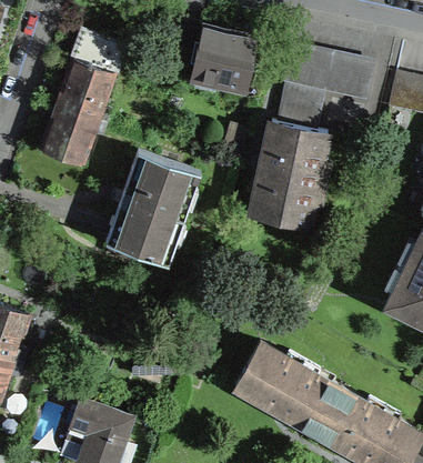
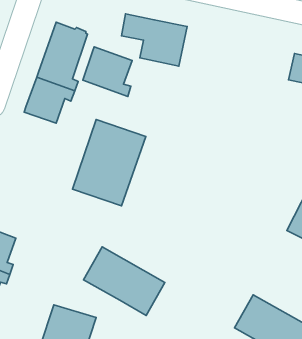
building: [251,46,372,227] -> none
building: none -> [83,47,132,96]
building: [234,343,341,433] -> [84,247,165,316]

